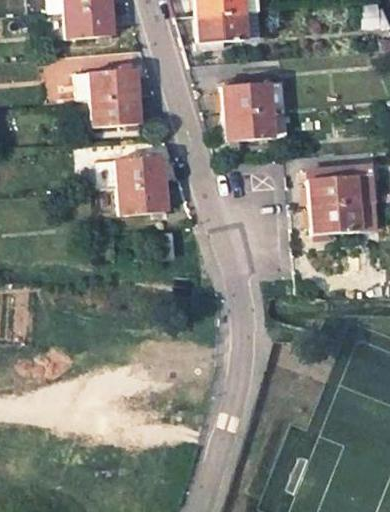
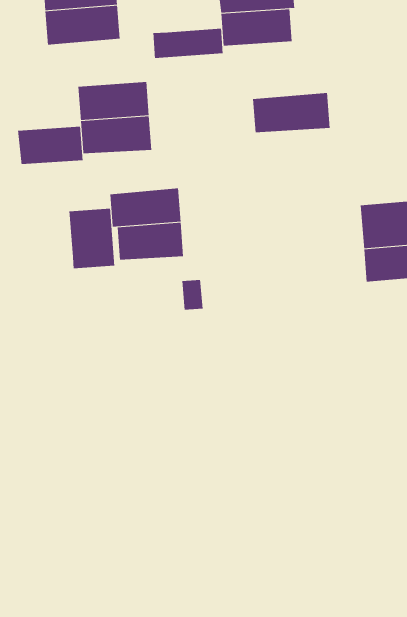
building: none -> [153,28,223,59]
building: none -> [18,126,83,165]
building: [225,107,289,138] -> none
building: none -> [69,208,115,269]

